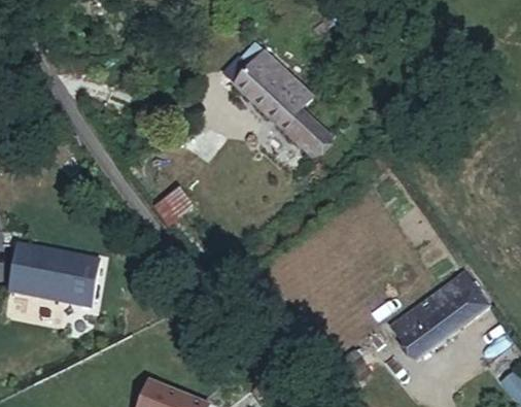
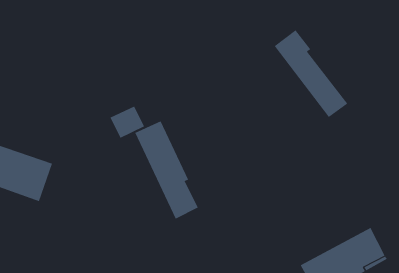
building: [232,54,325,147] -> [274,29,348,118]
building: none -> [134,121,198,219]

